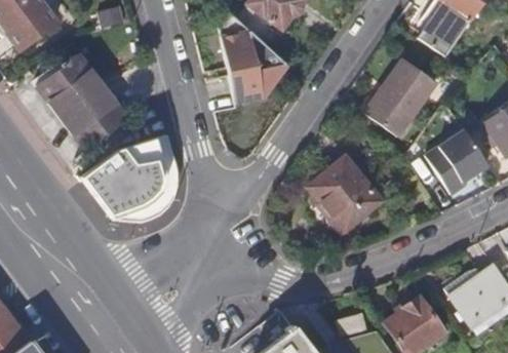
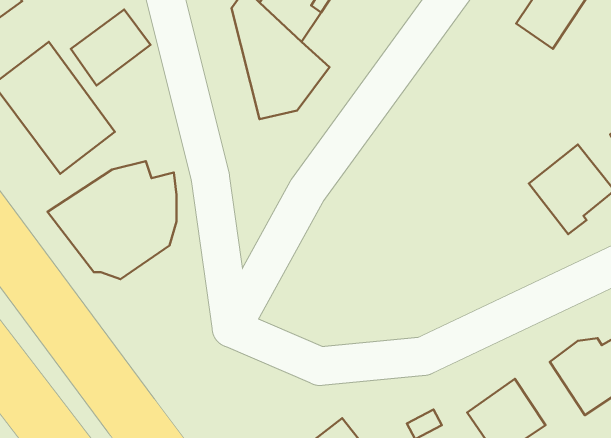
building: none -> [71,9,151,86]
building: [368,56,441,135] -> none
building: [309,157,382,231] -> none

